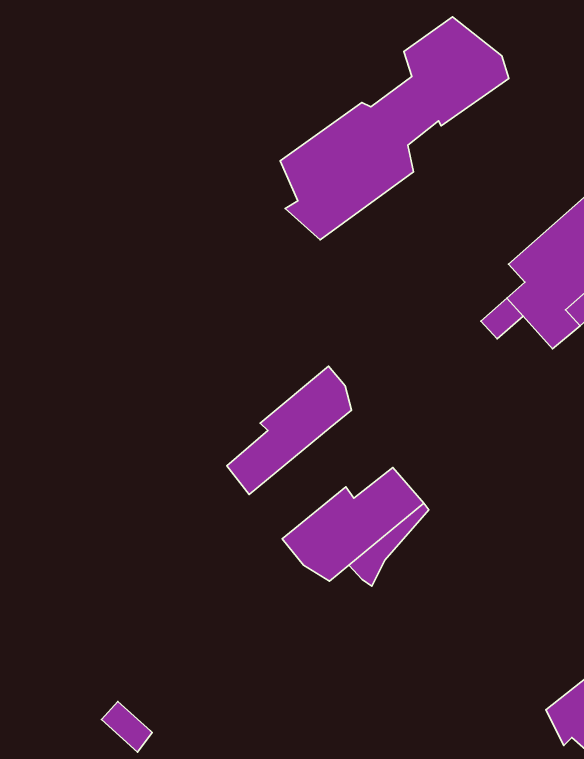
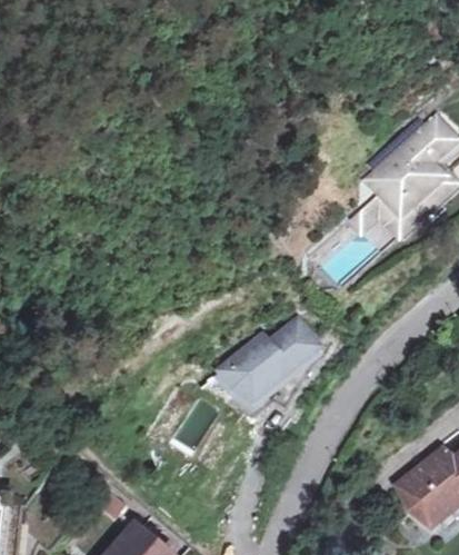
building: [280,17,509,240] -> none
building: [227,366,352,495] -> none

